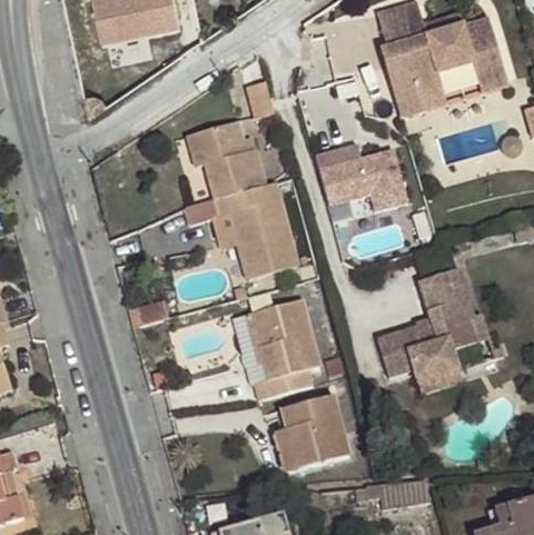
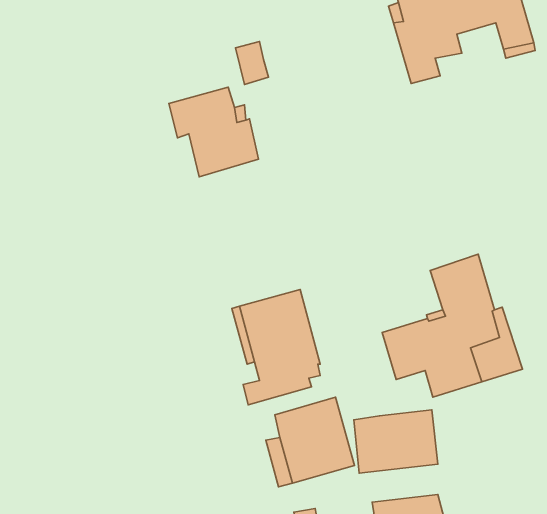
building: [316,143,404,208] -> none
building: [212,178,298,279] -> none
building: none -> [354,410,438,473]

